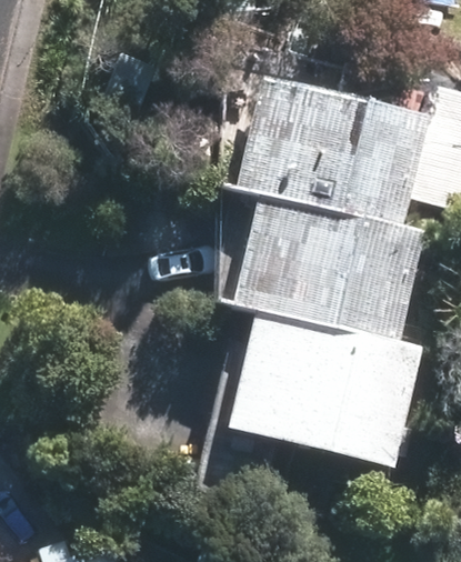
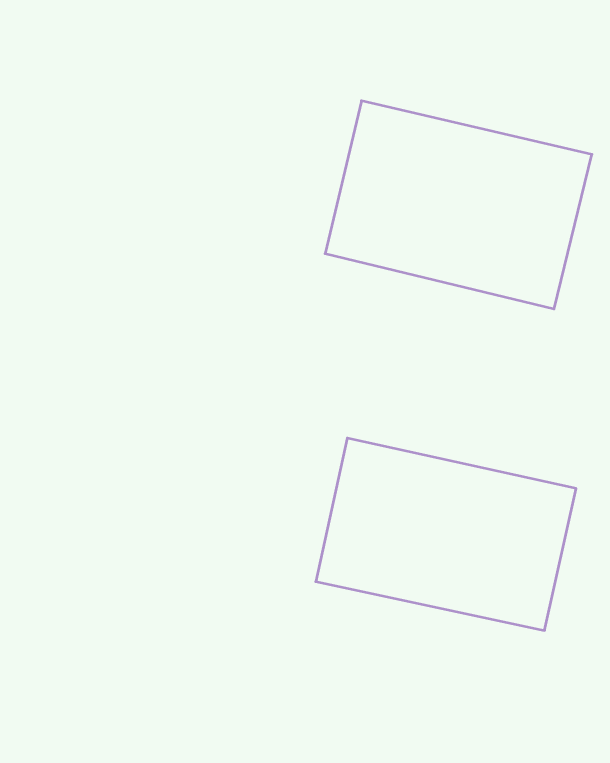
building: [233,208,419,342] -> none

